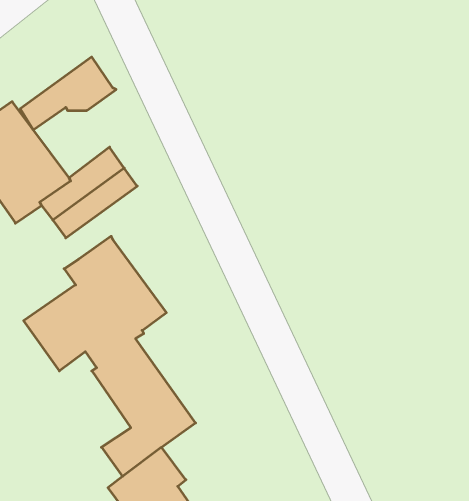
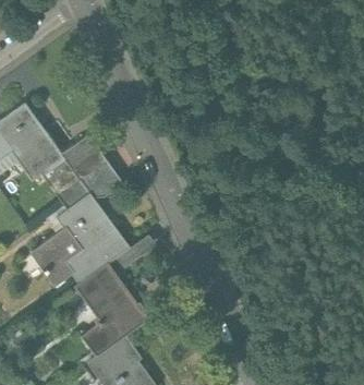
building: [20,57,116,130] -> [60,161,124,210]

